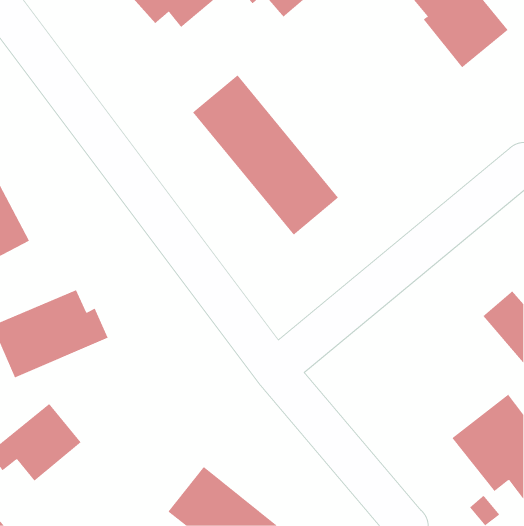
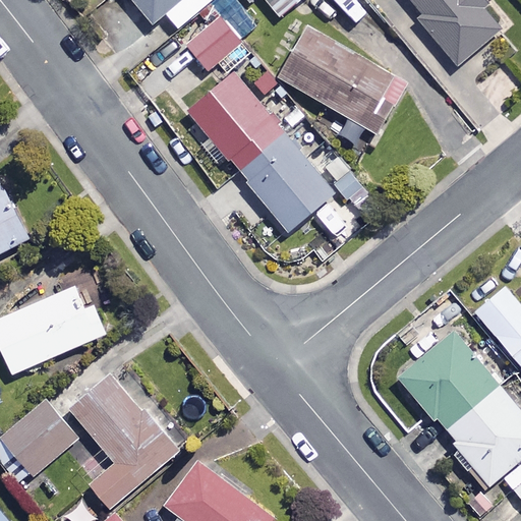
building: none -> [187,17,248,69]
building: none -> [281,30,405,134]
building: none -> [395,331,494,429]
building: none -> [70,372,179,508]

